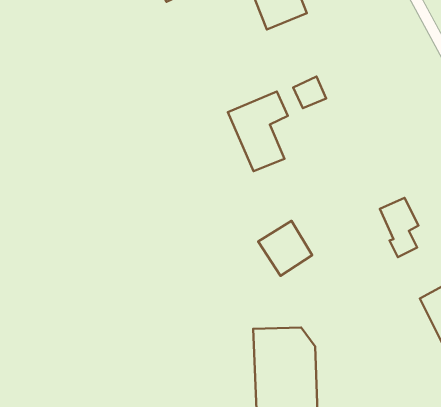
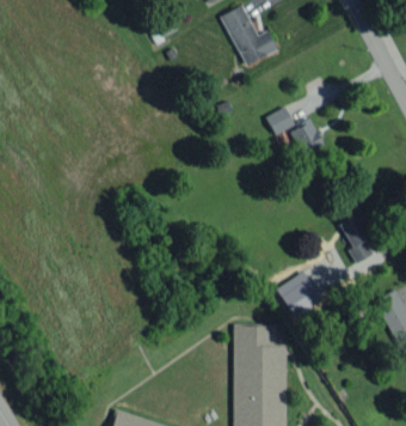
building: [228,91,288,171] -> none
building: none -> [290,120,325,156]
building: [258,221,312,276] -> [276,270,322,318]

